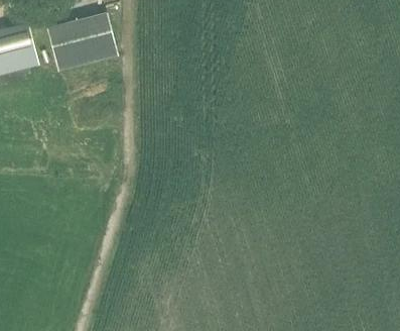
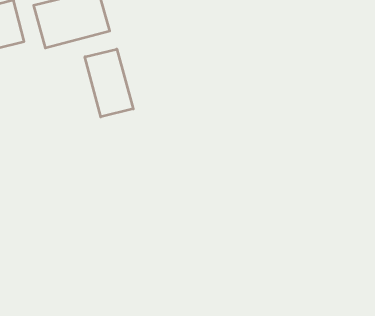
building: none -> [85,49,133,117]

